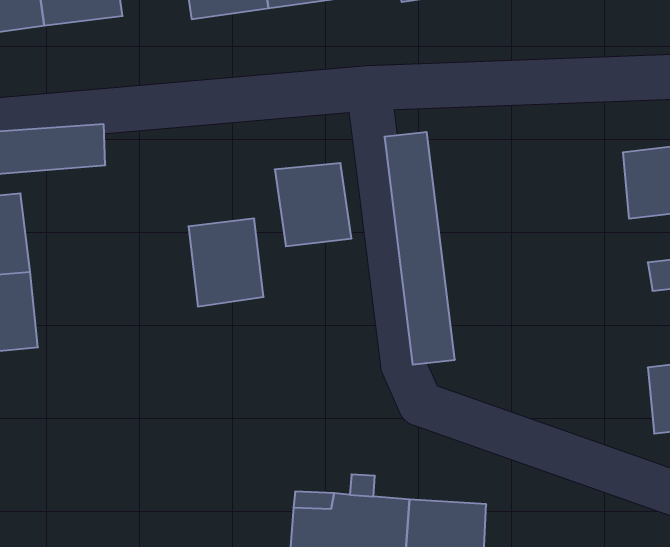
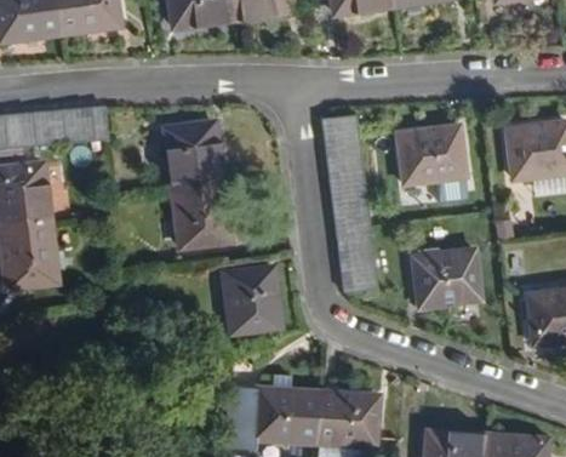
building: none -> [396,124,463,183]
building: [275,163,352,246] -> [161,121,221,185]
building: none -> [411,250,478,307]
building: none -> [221,265,278,332]

